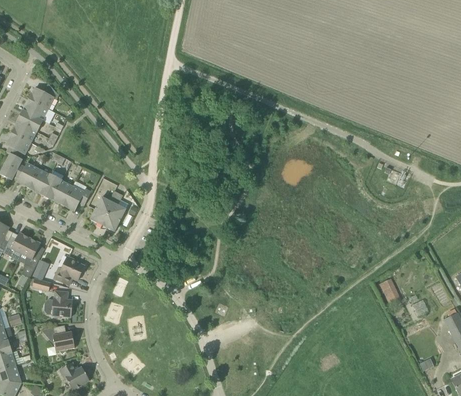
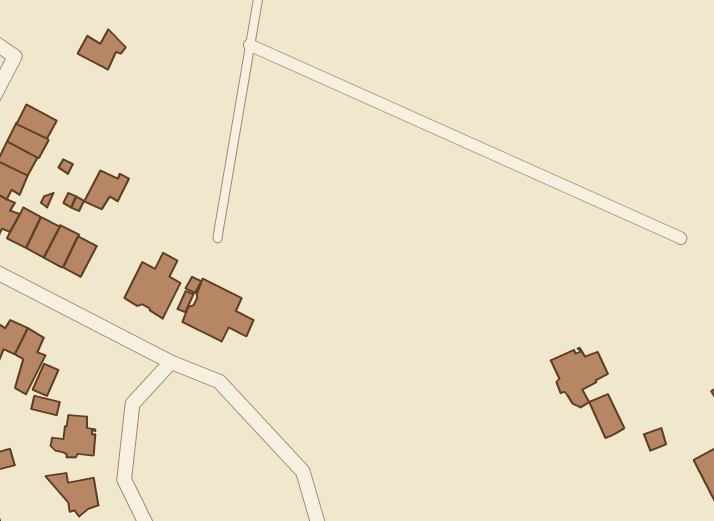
building: [29,83,59,108] -> [78,29,126,70]
building: [63,186,91,210] -> [84,171,129,209]
building: none -> [183,279,253,342]
building: none -> [551,348,608,408]
building: [54,256,84,285] -> none

